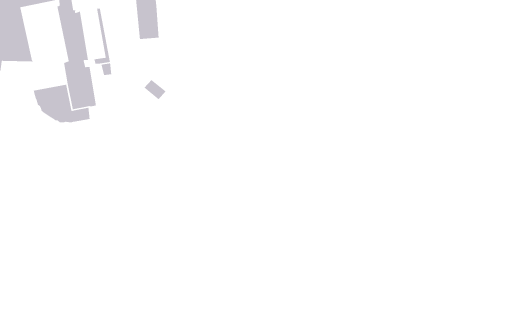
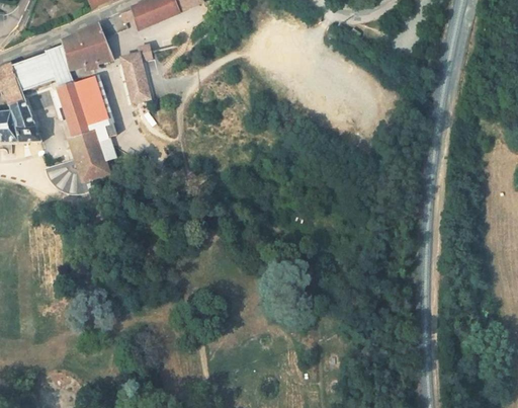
building: none -> [75,82,103,131]

